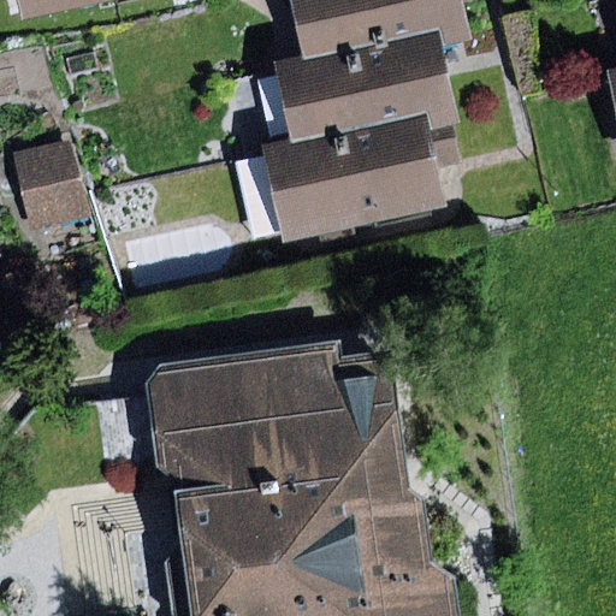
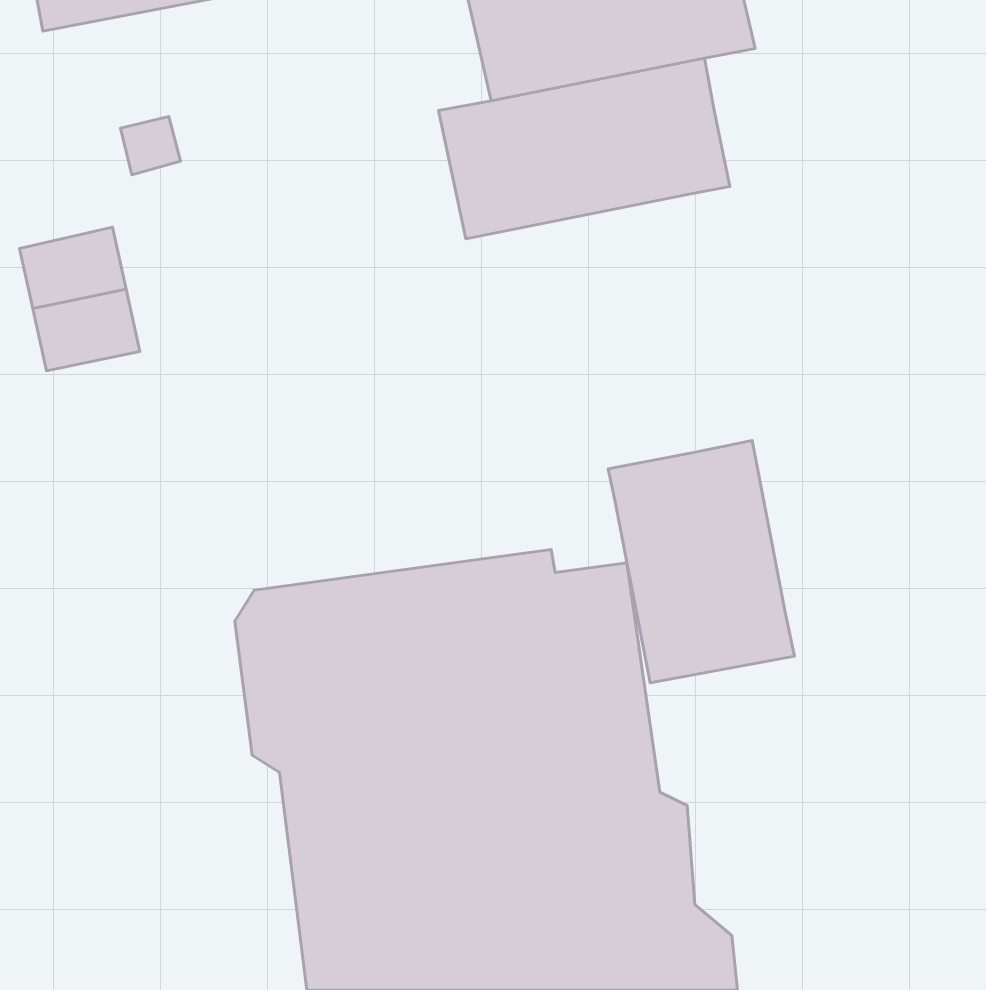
building: [263,120,444,244] -> none
building: none -> [608,441,795,683]

